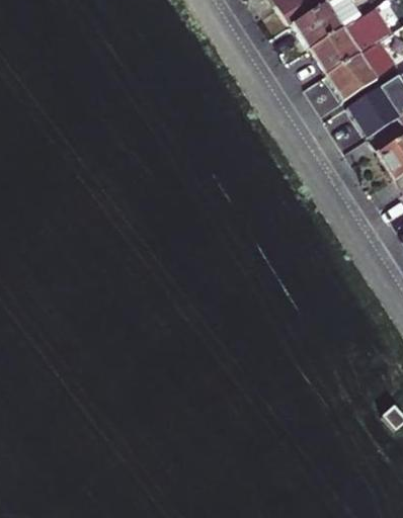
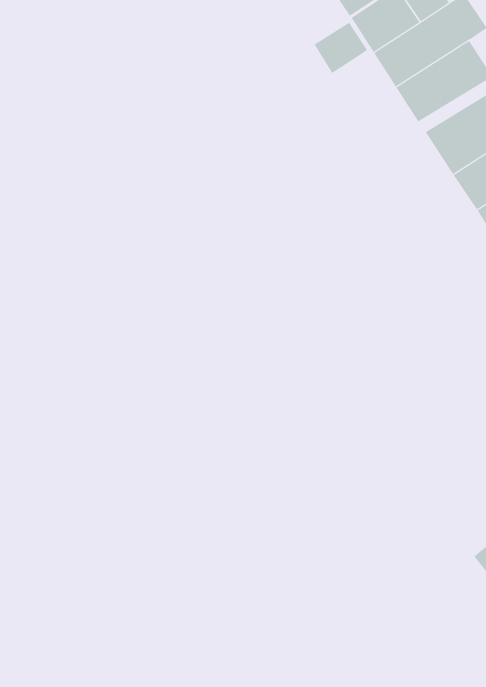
building: none -> [314,22,368,74]

